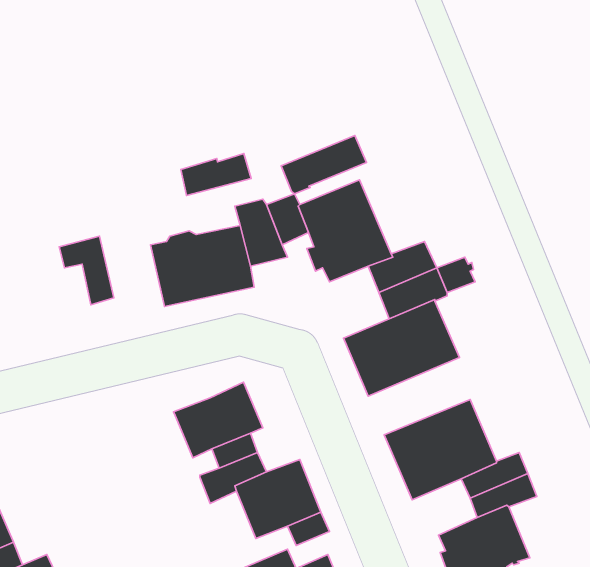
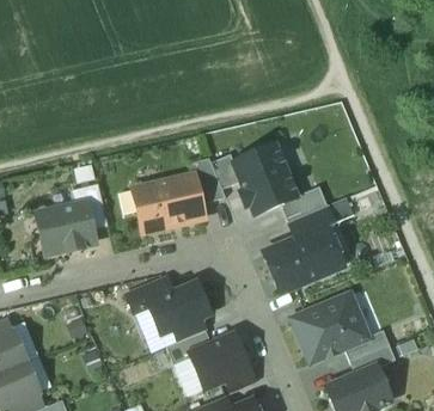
building: [281,136,367,194] -> none
building: [181,153,251,196] -> none
building: none -> [36,201,93,252]
building: none -> [126,276,172,311]

